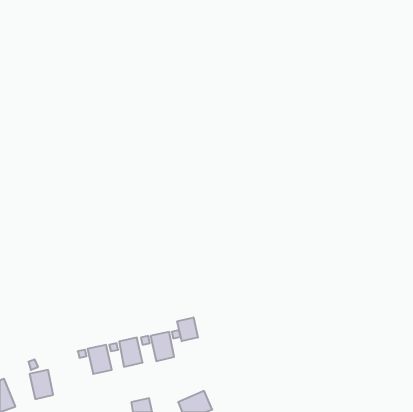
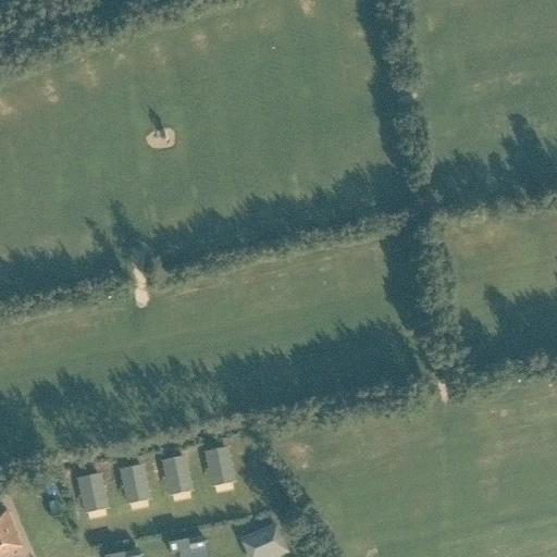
building: [177,317,198,341] -> none
building: [30,370,53,399] -> [75,472,107,511]

